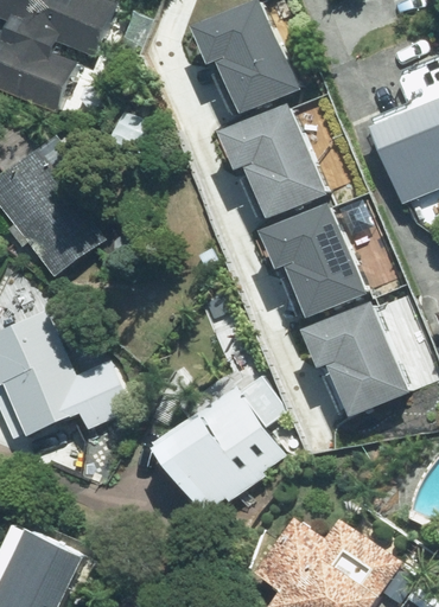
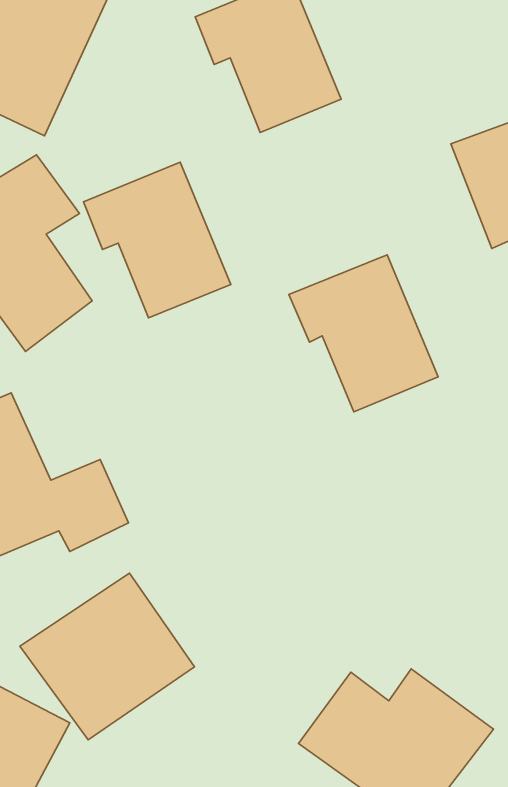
building: [208,102,318,218] -> [83,162,231,318]
building: [294,301,403,416] -> none
building: [157,384,287,509] -> [20,573,195,740]

